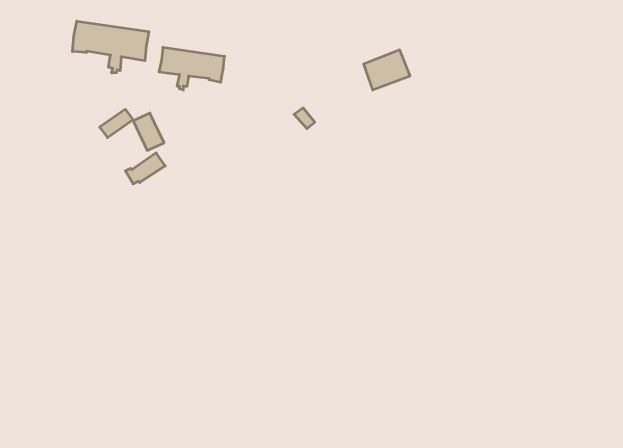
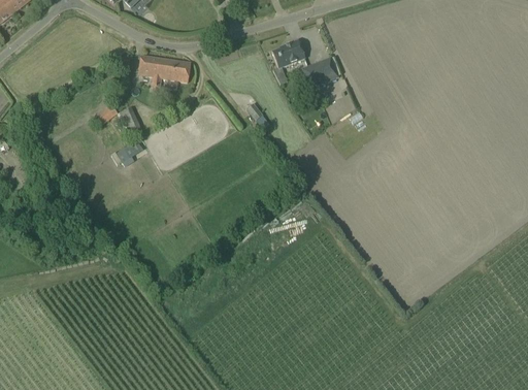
building: [72,21,149,73] -> none
building: none -> [272,39,305,84]

